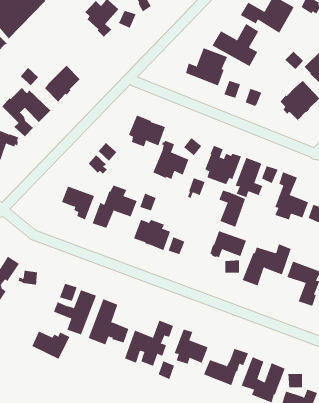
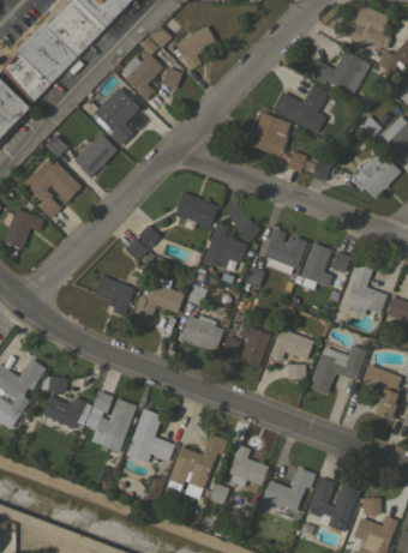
building: none -> [95,88,140,146]
building: [219,190,246,227] -> [239,324,271,368]
building: [32,331,70,359] -> [42,396,88,429]

